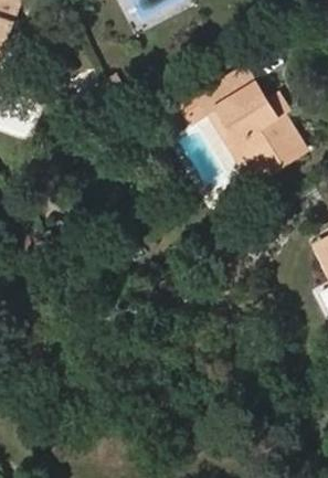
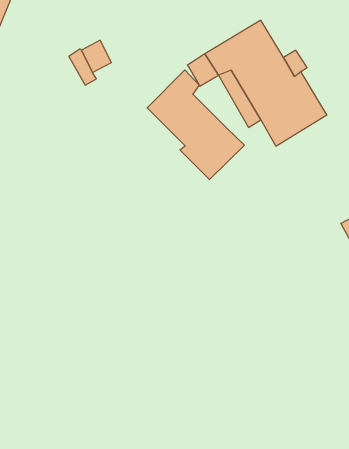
building: none -> [147,70,244,180]

